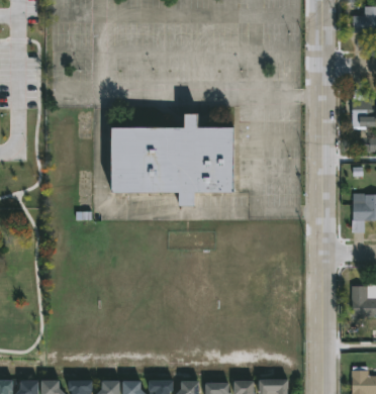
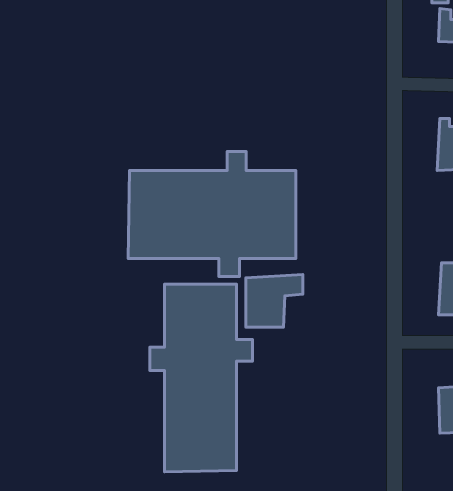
building: none -> [246,274,303,327]
building: none -> [150,284,252,472]

